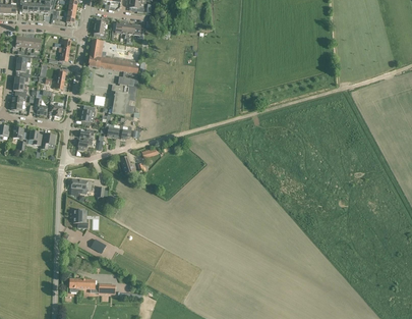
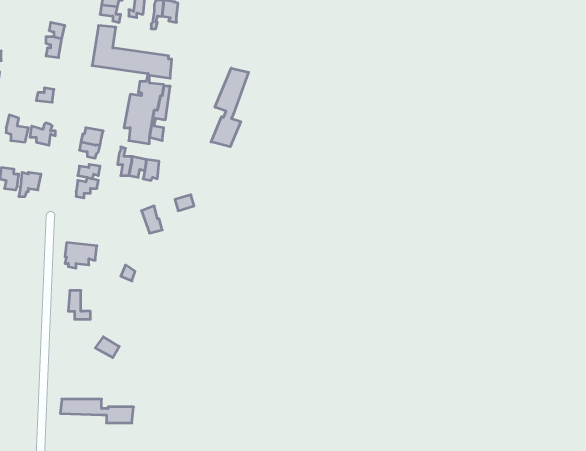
building: none -> [211,68,249,147]

